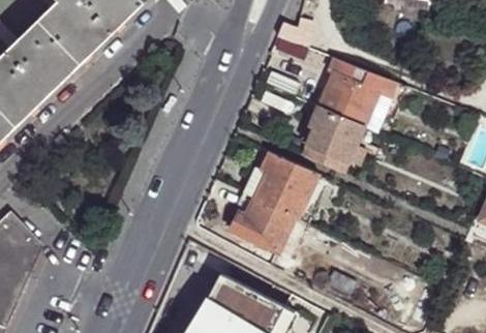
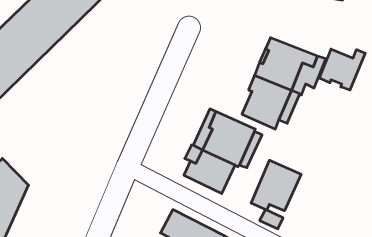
building: none -> [319,49,365,90]
building: none -> [251,160,301,211]

